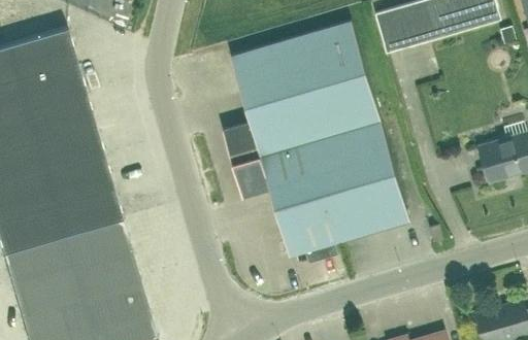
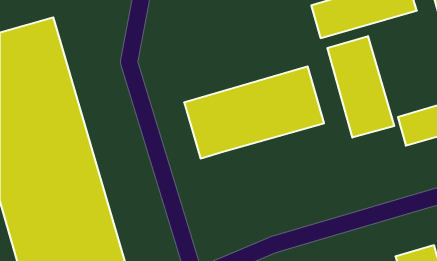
building: [230,21,370,123] -> none
building: none -> [327,36,394,138]
building: [269,156,409,257] -> none

